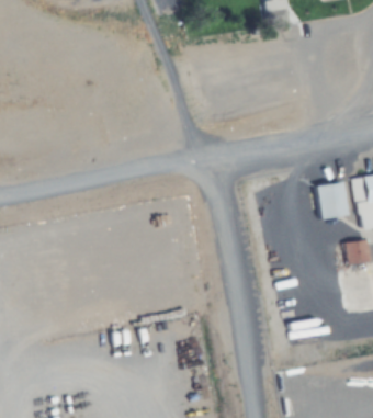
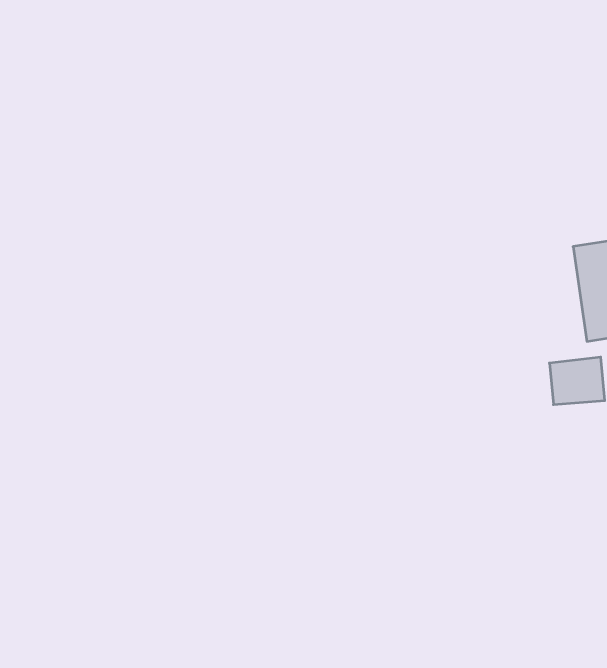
building: [315,182,347,221] -> none

